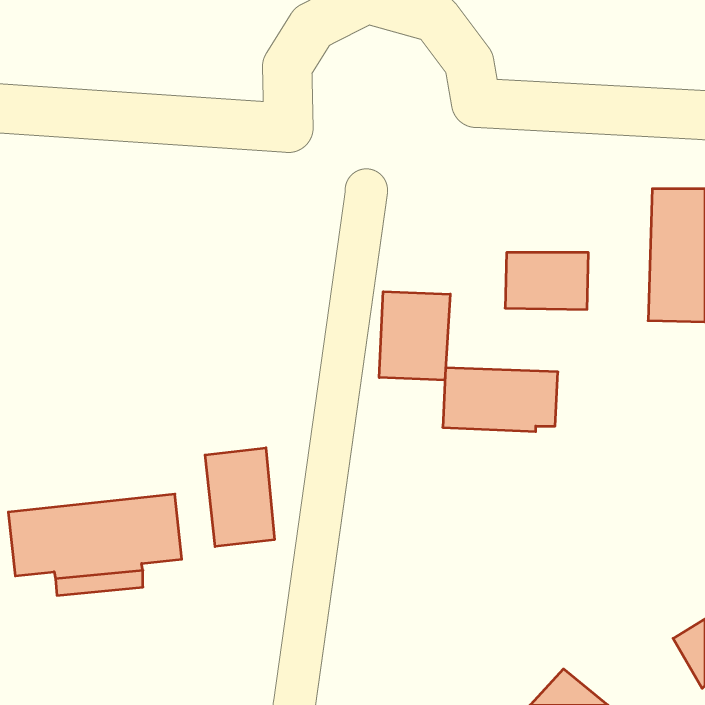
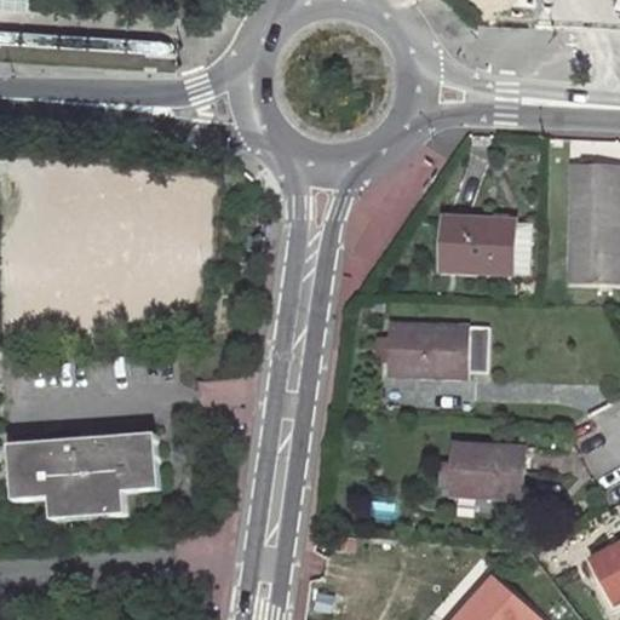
building: [379,292,450,380] -> none
building: [205,448,274,547] -> none
building: none -> [449,446,524,501]

